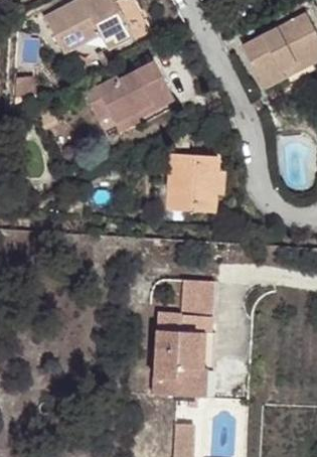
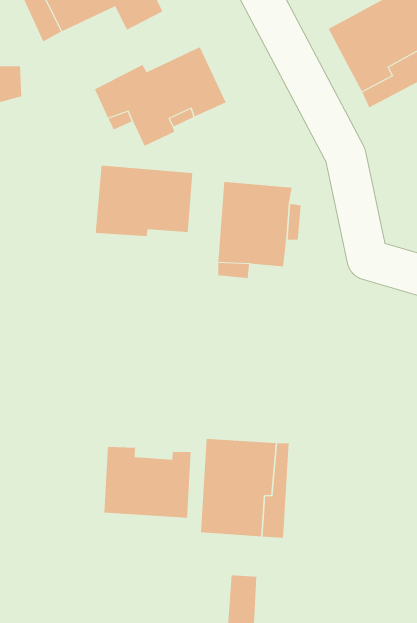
building: none -> [95,165,193,237]
building: [182,282,214,316] -> none
building: none -> [104,446,191,518]

